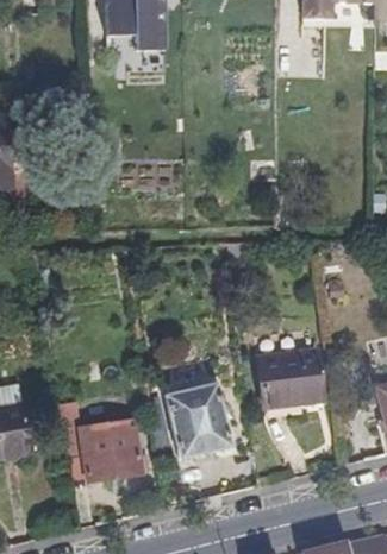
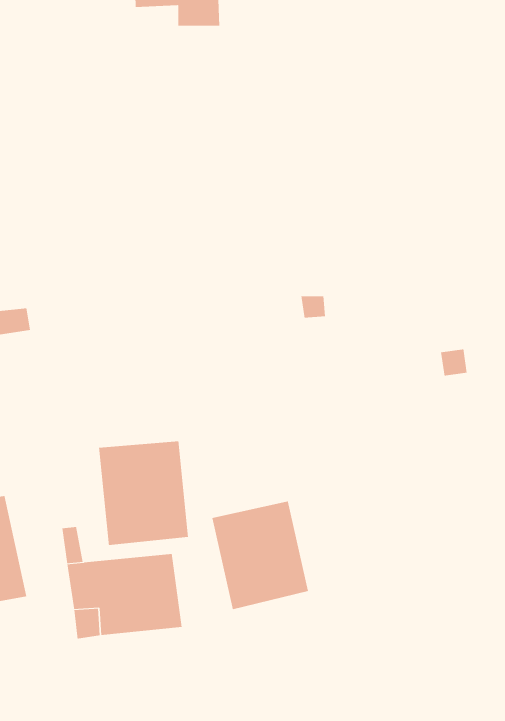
building: [257,340,325,399] -> none
building: none -> [98,441,188,546]

